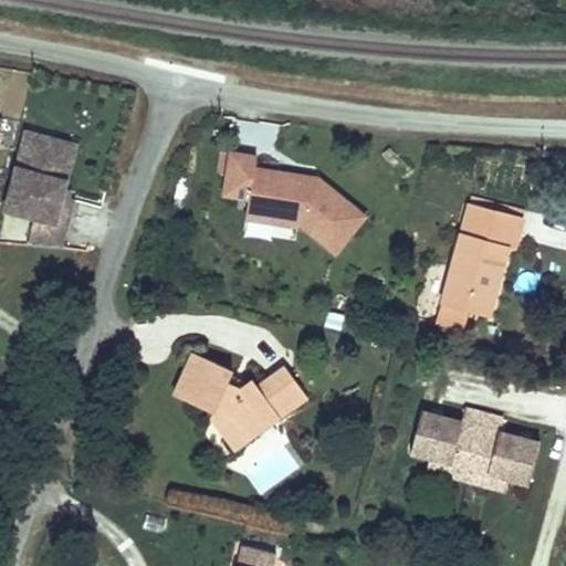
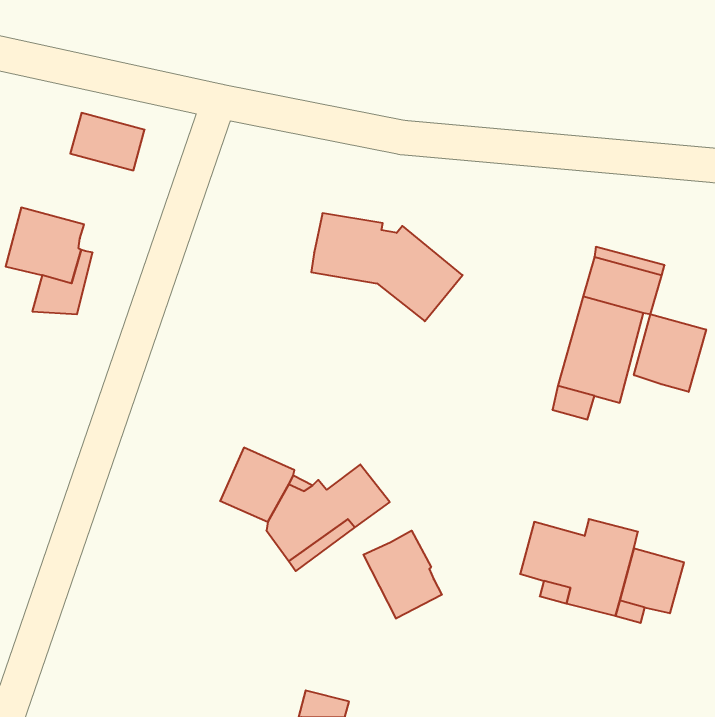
building: [17,132,75,177] -> [70,113,145,170]
building: [217,151,256,199] -> none
building: none -> [634,314,706,392]
building: none -> [363,531,442,619]

